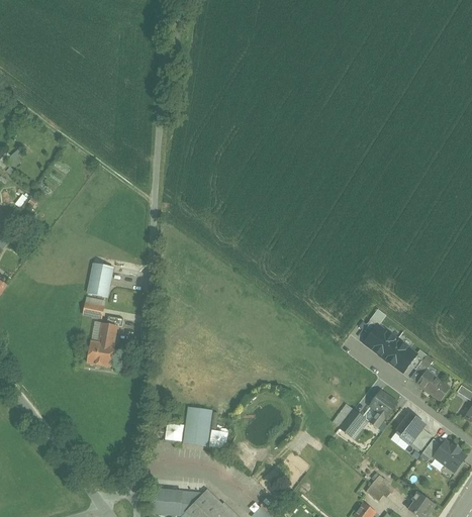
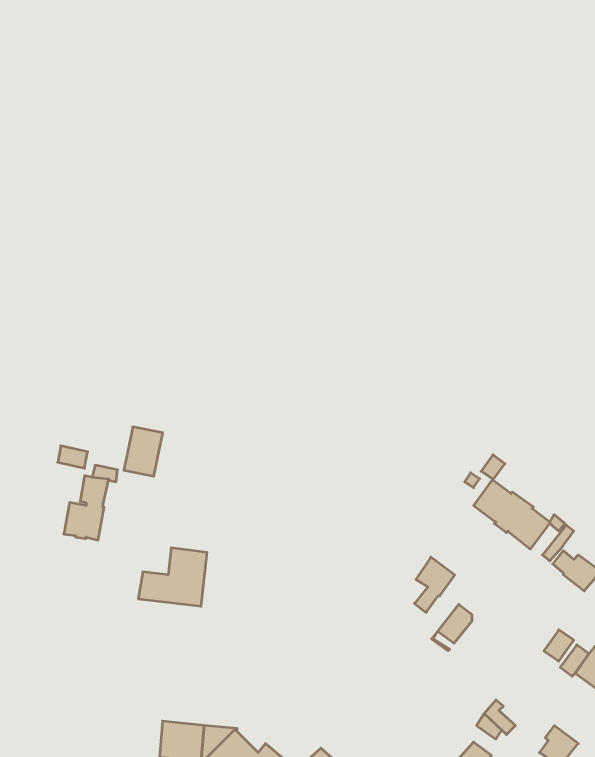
building: [87,264,113,297] -> [124,427,163,476]
building: [369,391,396,428] -> [414,557,455,612]
building: [168,406,214,445] -> [138,548,207,606]
building: [398,416,424,443] -> none

